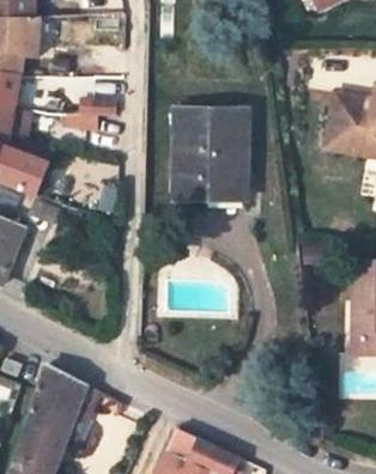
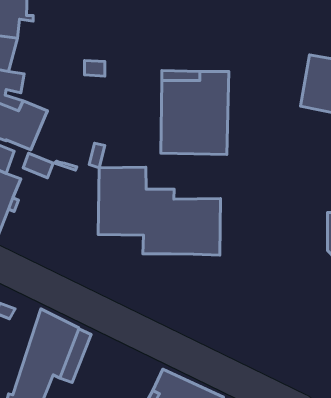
building: none -> [98,167,220,255]

